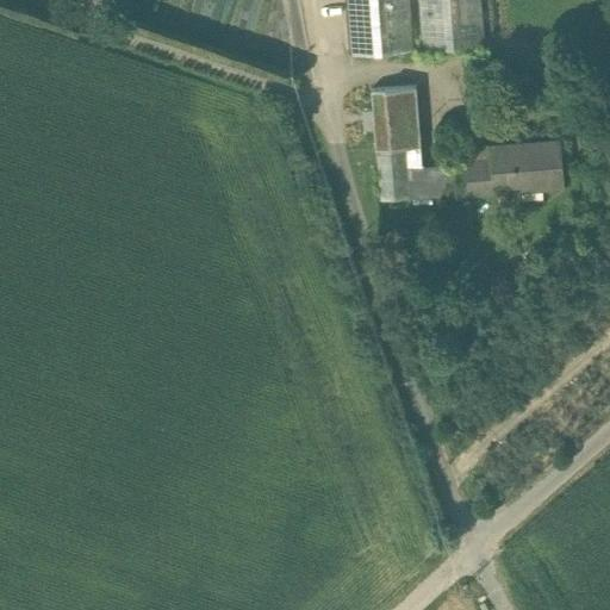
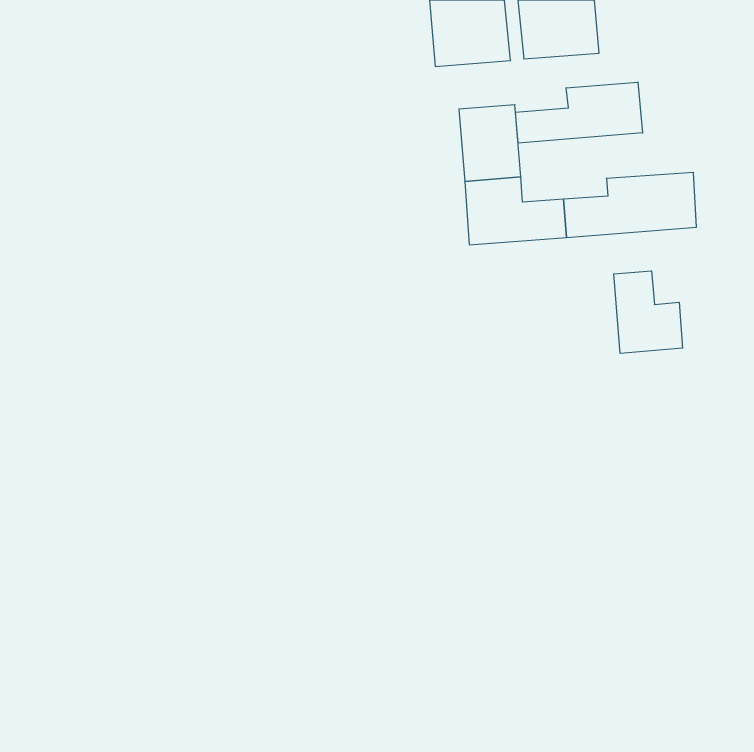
building: none -> [516,82,643,143]
building: none -> [614,271,683,353]

